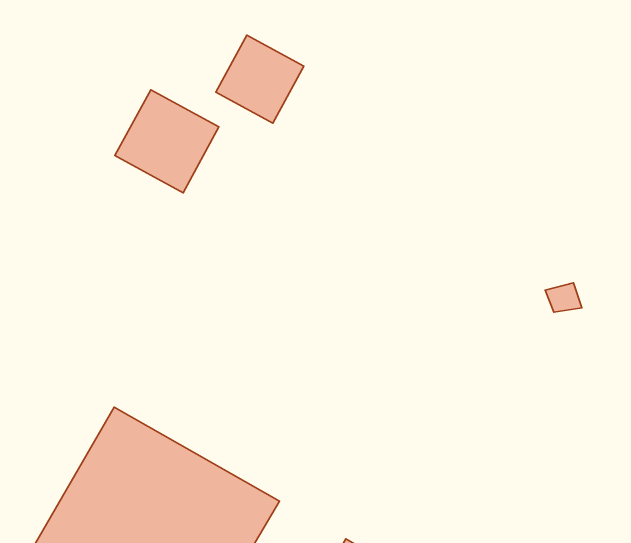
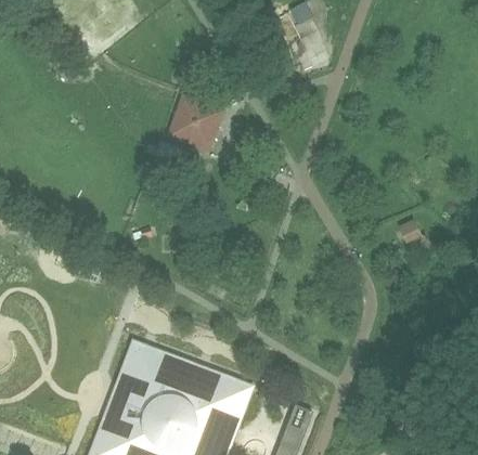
building: [115,90,219,193] -> none

